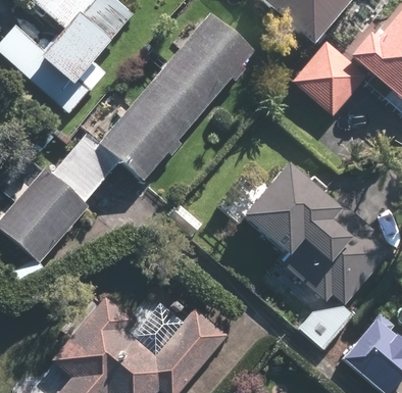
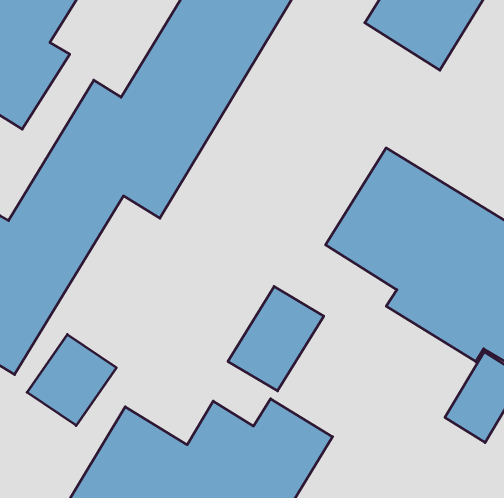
building: none -> [228,286,324,391]
building: none -> [27,334,116,426]

